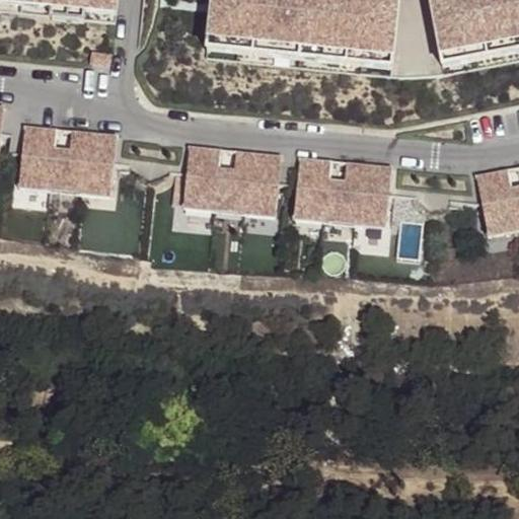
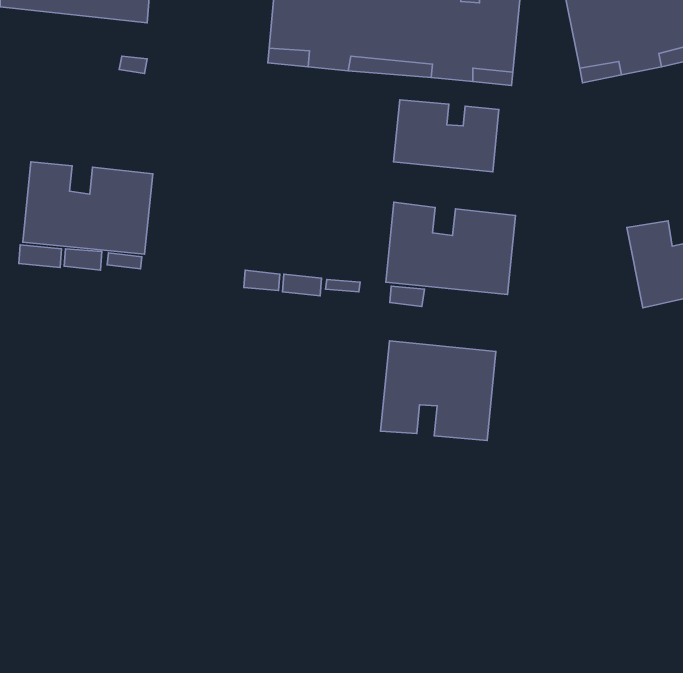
building: none -> [394,100,499,172]
building: [183,141,281,211] -> none
building: none -> [380,341,496,440]

